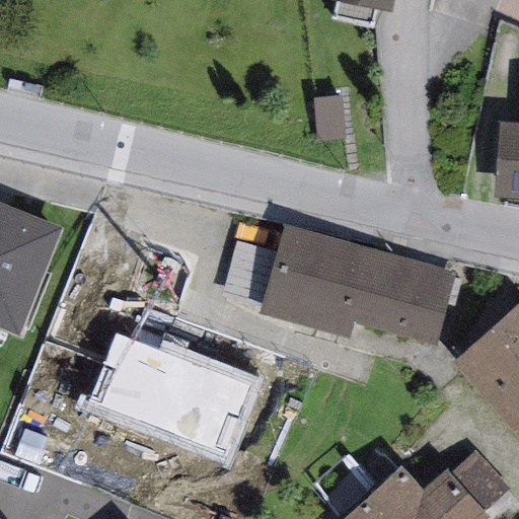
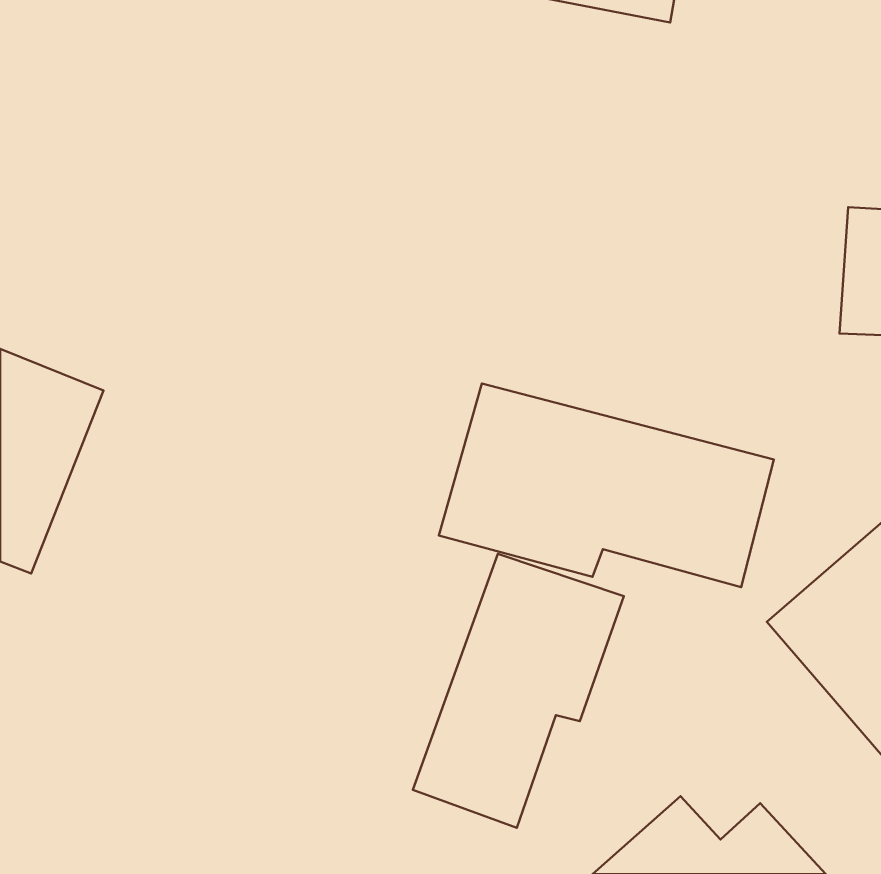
building: none -> [413,554,624,828]
building: [82,329,260,461] -> none

